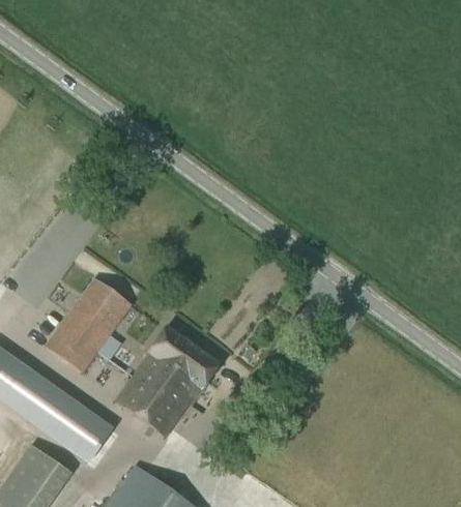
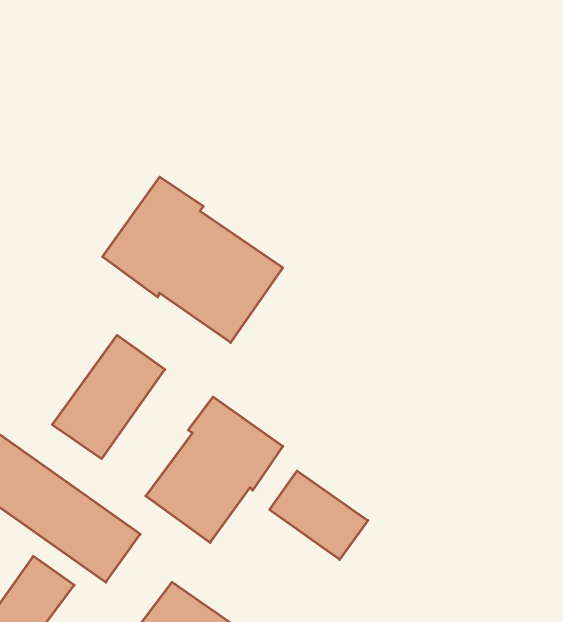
building: none -> [103,177,283,343]
building: none -> [270,471,368,560]

